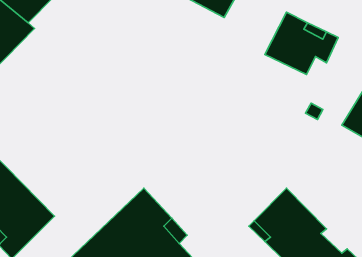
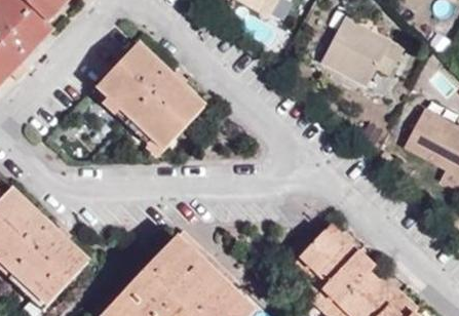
building: none -> [86,28,198,144]

